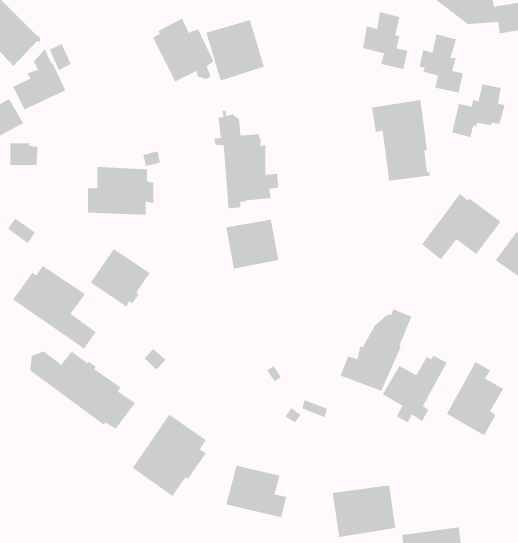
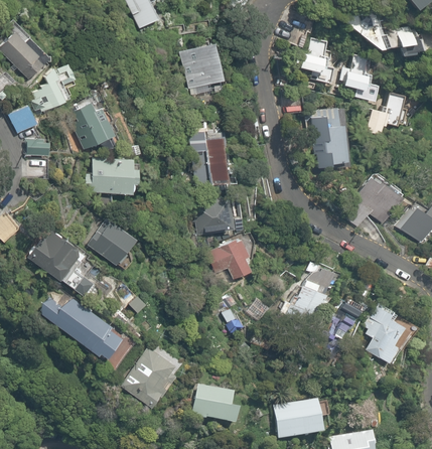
building: [152,18,214,82] -> [67,101,115,150]
building: none -> [206,238,257,284]

